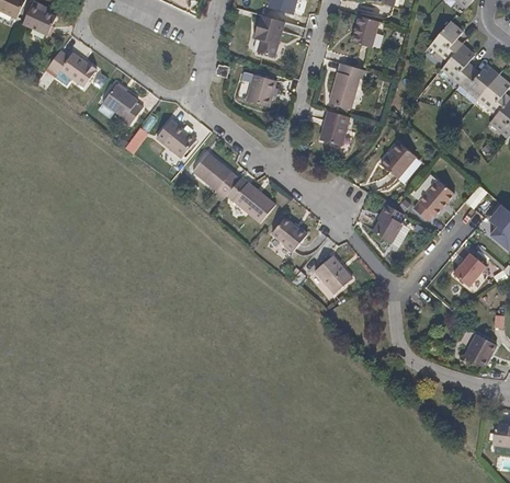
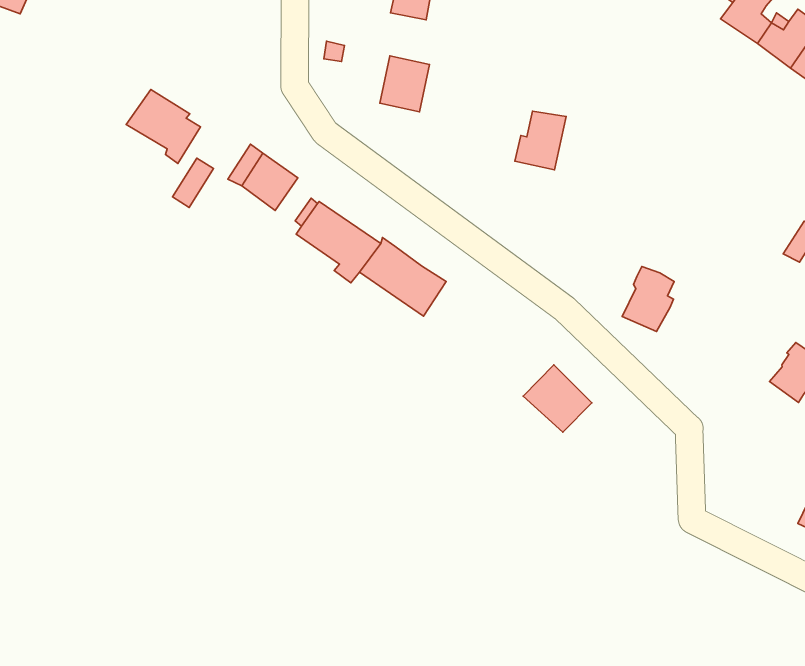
building: [48,49,99,88] -> none
building: [328,62,362,108] -> none
building: [381,143,416,179] -> none
building: [415,180,455,221] -> none
building: [273,217,308,251] -> none

